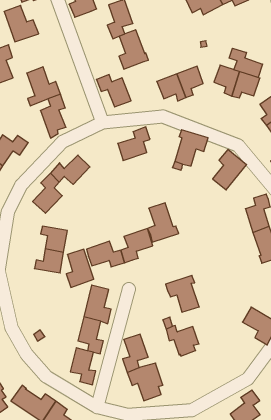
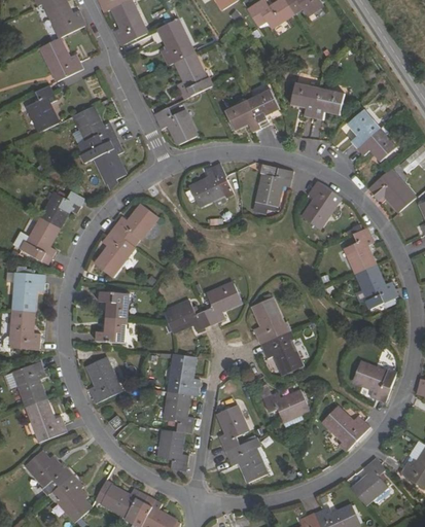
building: [229,48,263,77] -> none
building: [148,203,179,242] -> [252,297,290,345]
building: [66,249,94,287] -> [85,357,119,403]
building: none -> [322,409,370,452]

